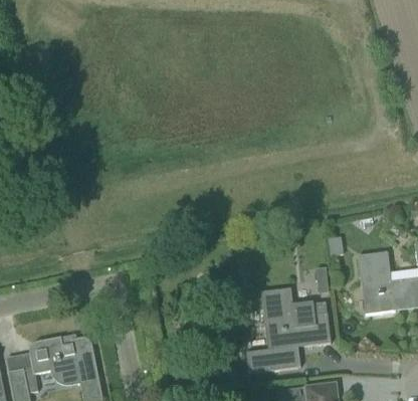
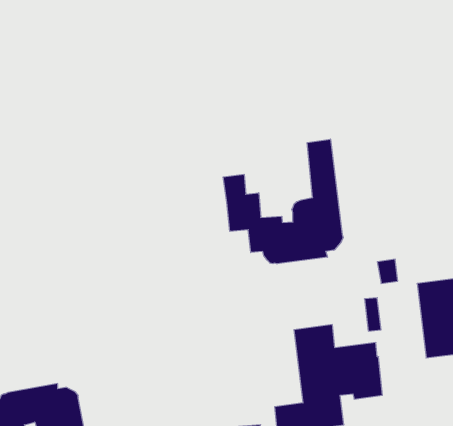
building: none -> [223,139,343,264]

